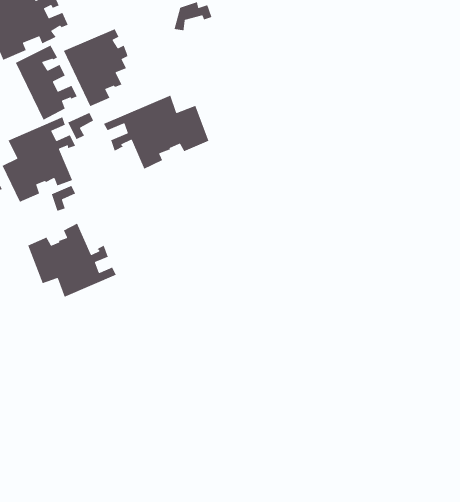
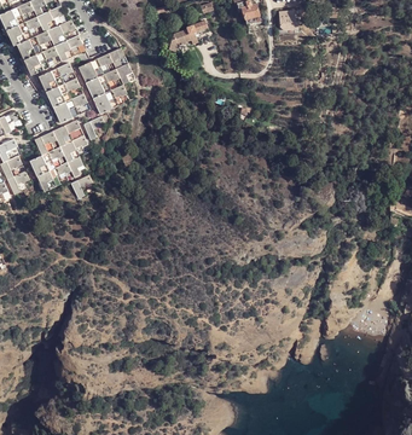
building: [103,94,209,170] -> none
building: [27,223,117,298] -> none

